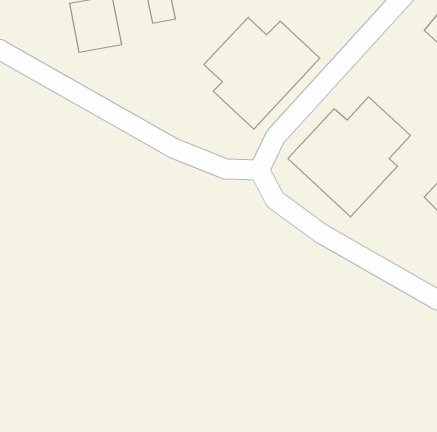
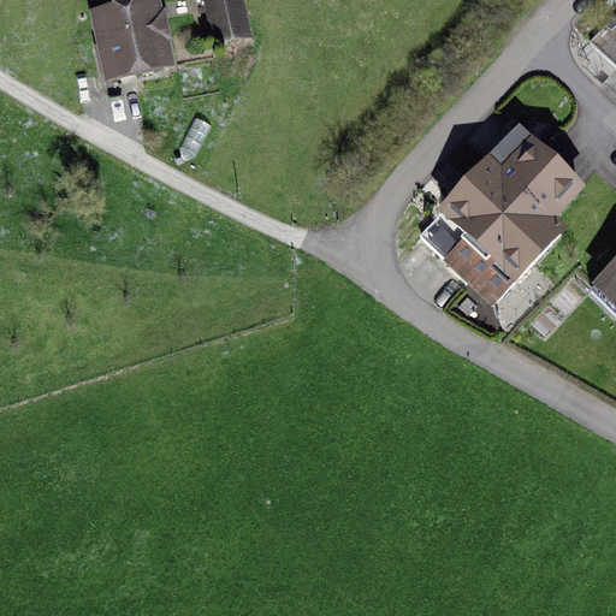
building: [204,17,320,129] -> none

